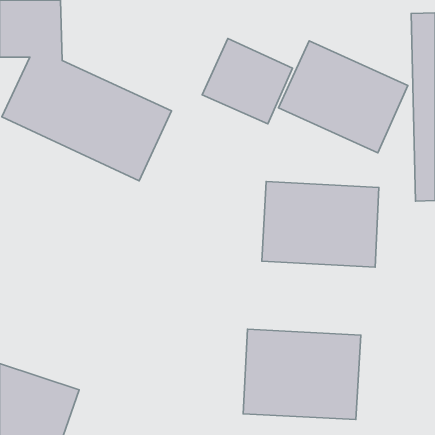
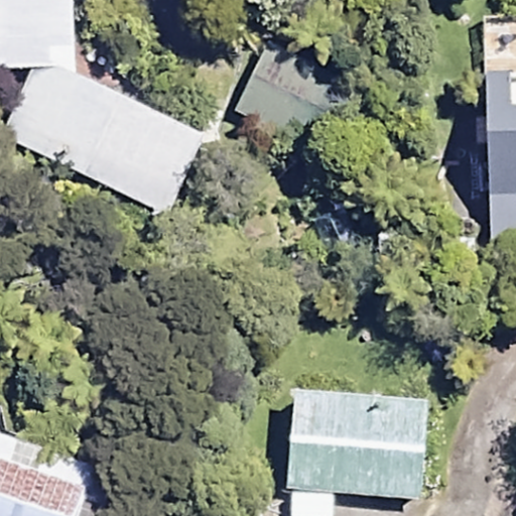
building: [279,41,408,153] -> none
building: [262,181,379,267] -> none

